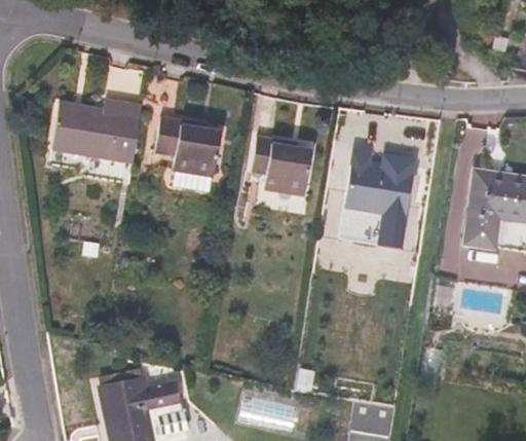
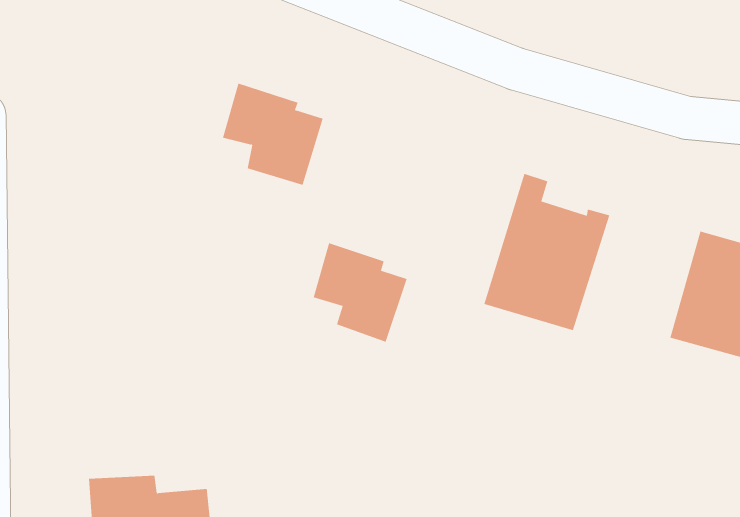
building: [52,100,145,164] -> none
building: [252,136,311,195] -> [313,242,408,342]

